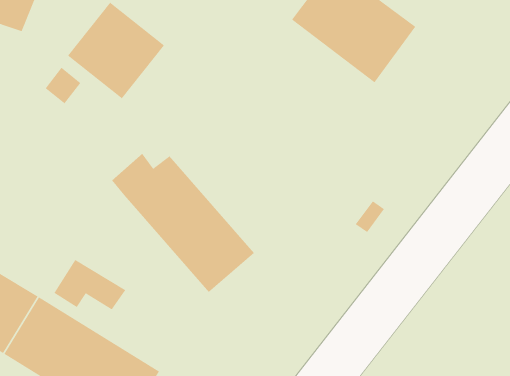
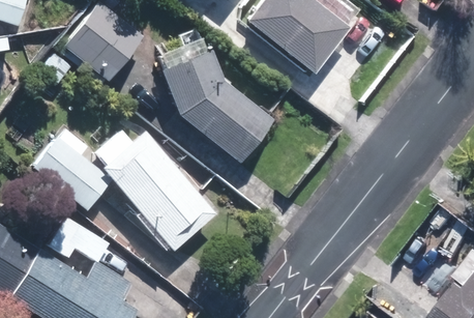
building: none -> [159,25,275,162]
building: none -> [35,139,111,208]

